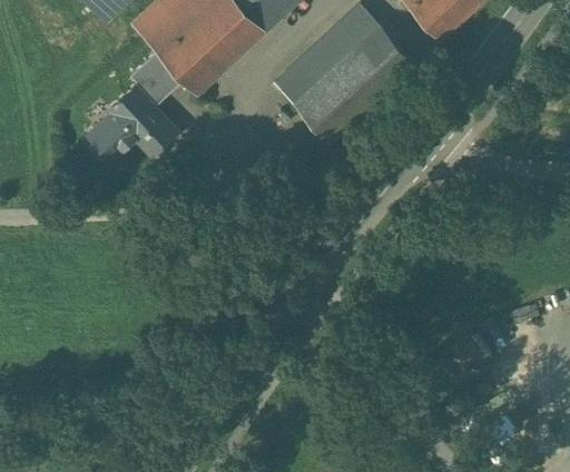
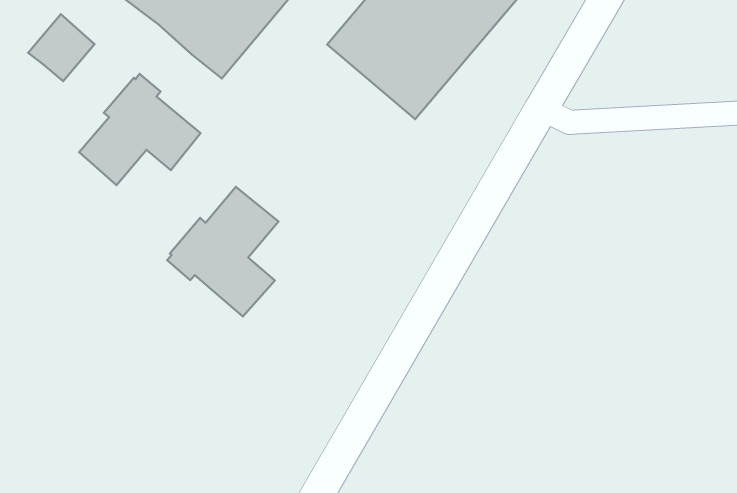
building: [129,50,177,98] -> [28,14,94,81]
building: none -> [167,187,278,316]

